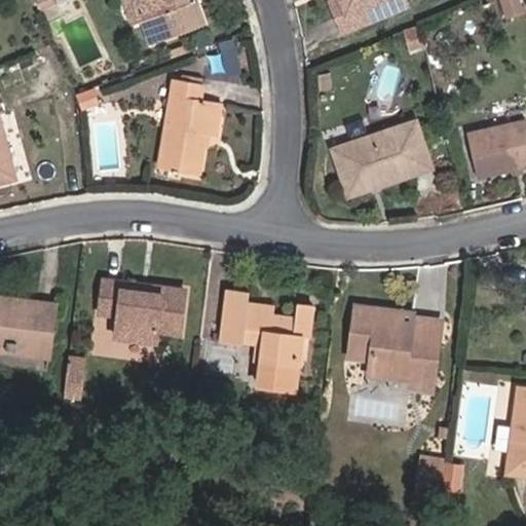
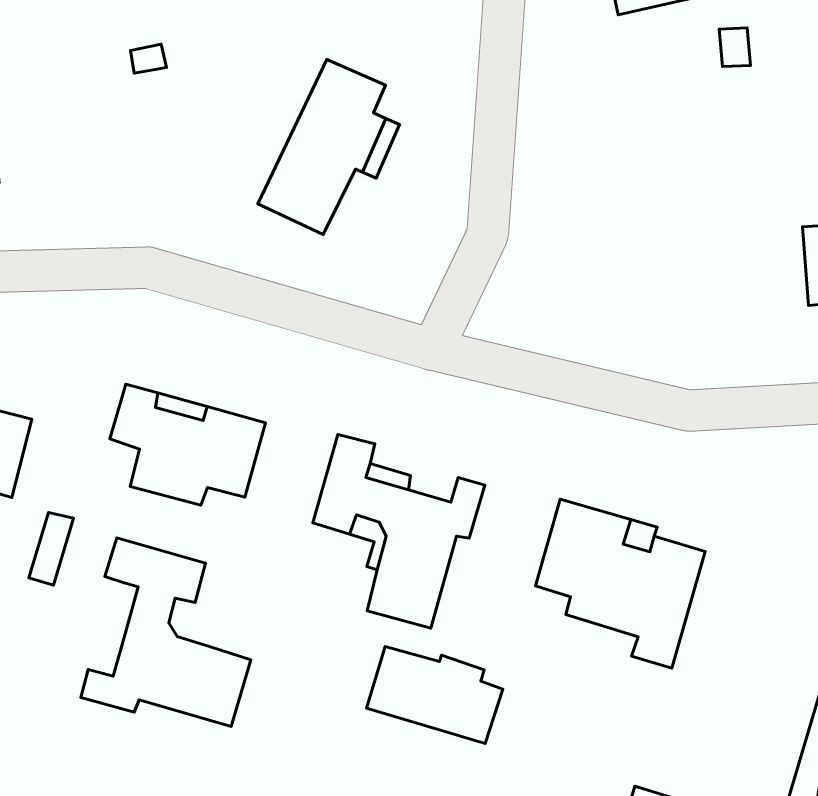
building: [327,122,427,196] -> none
building: none -> [81,538,251,726]
building: none -> [366,647,503,743]

